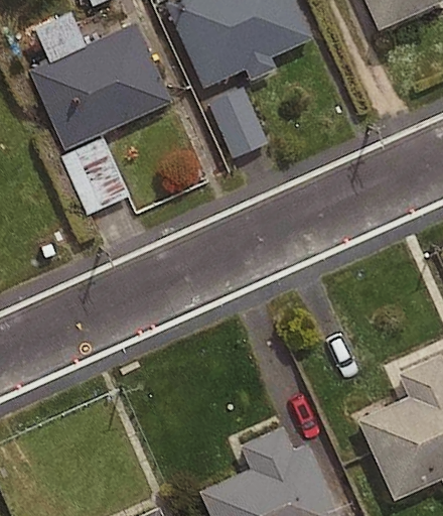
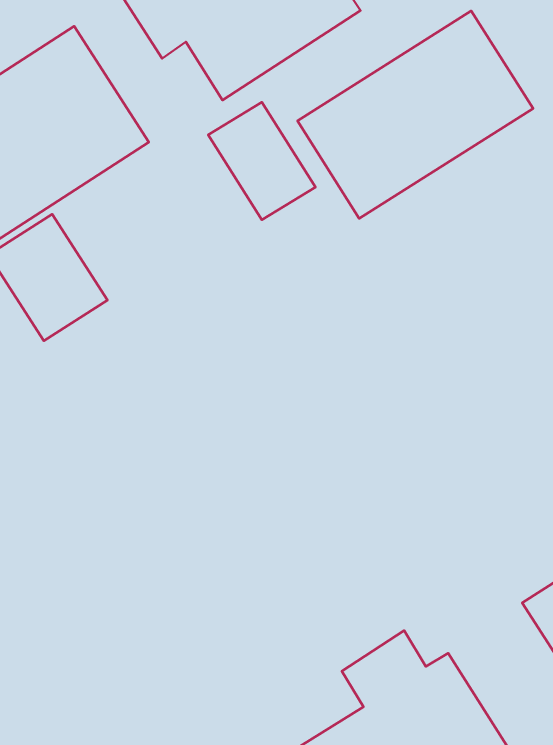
building: none -> [297,11,533,218]

